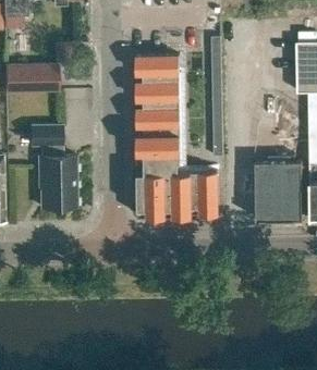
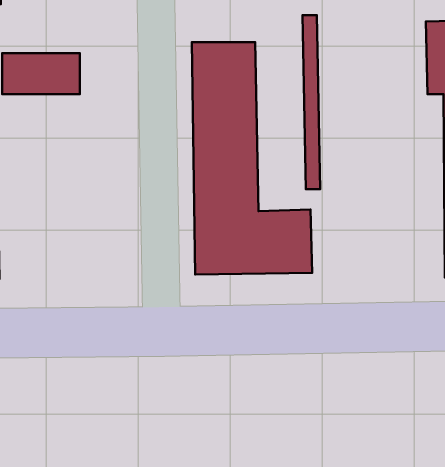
building: [32,123,76,208] -> none
building: [256,155,304,220] -> none

